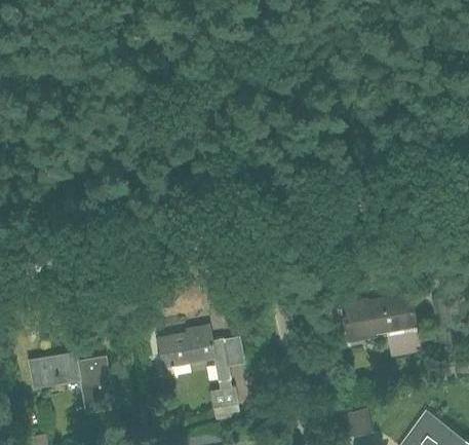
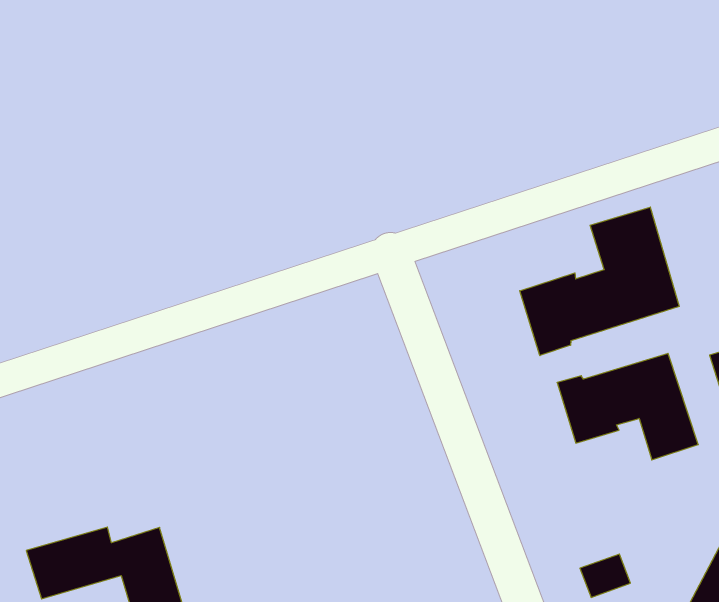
building: none -> [520,207,679,356]
building: [157,329,239,409] -> none

